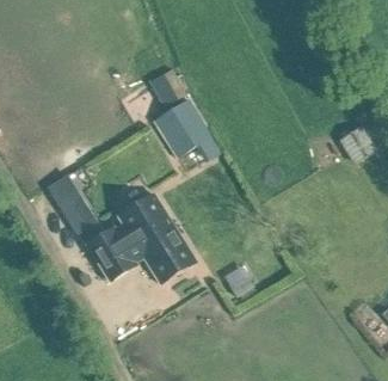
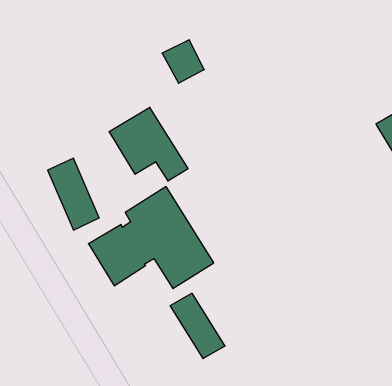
building: [152,98,221,162] -> [109,107,188,181]
building: none -> [170,293,225,359]

